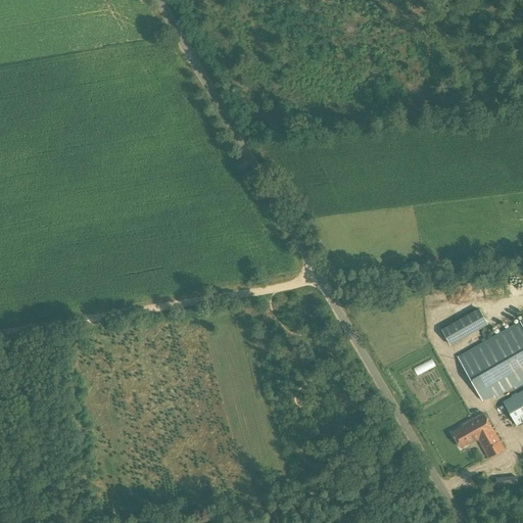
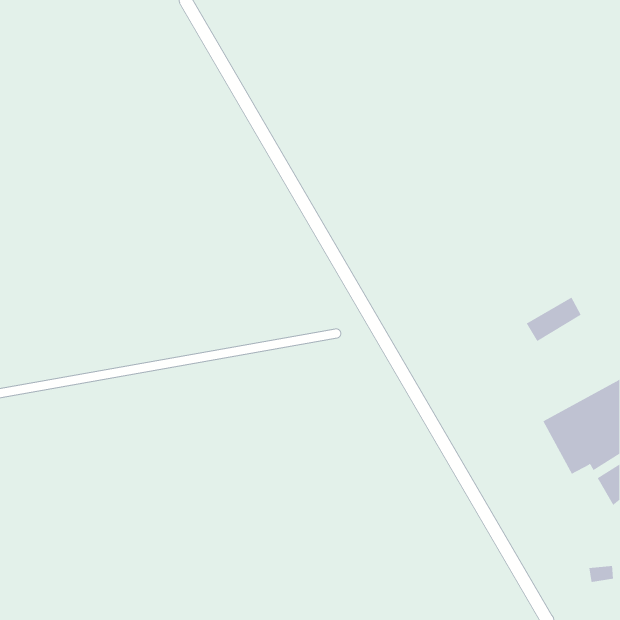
building: [442,310,489,347] -> [526,297,582,342]
building: [453,414,505,459] -> none

